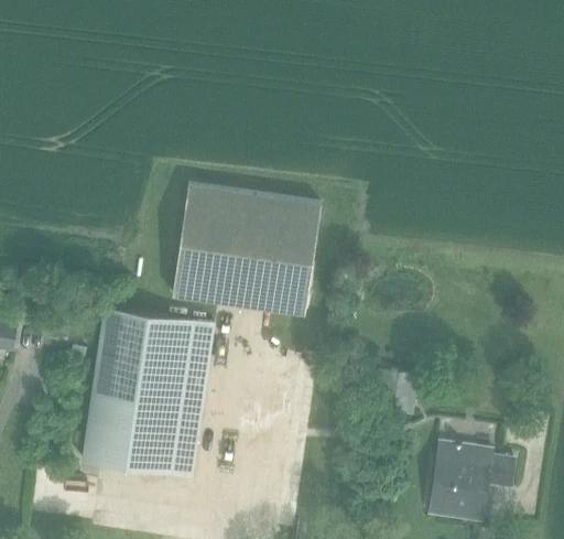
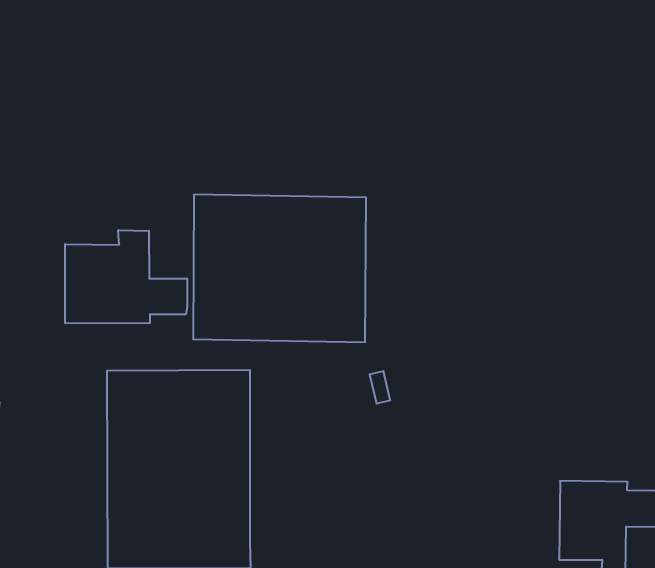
building: none -> [65,230,187,323]

